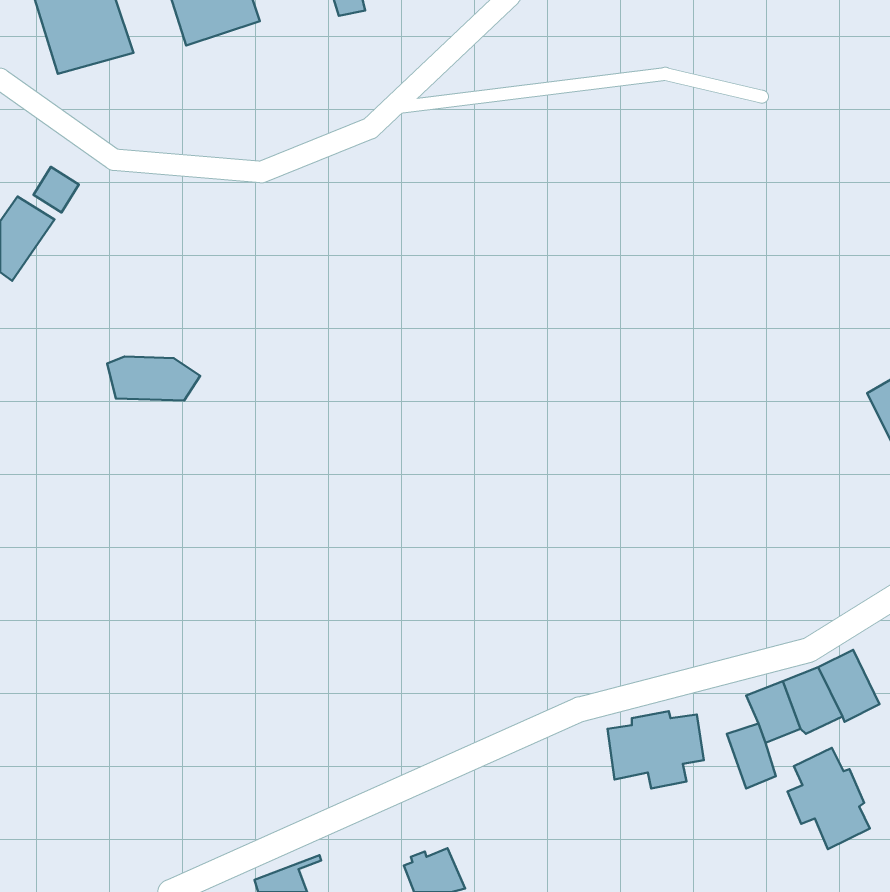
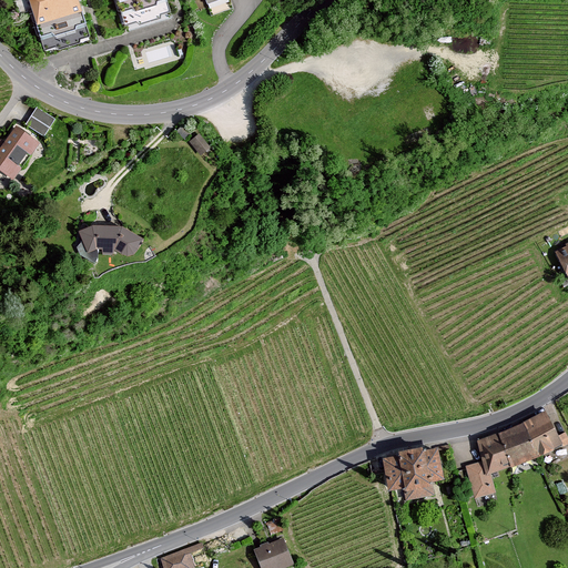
building: [787,748,870,849] -> none

